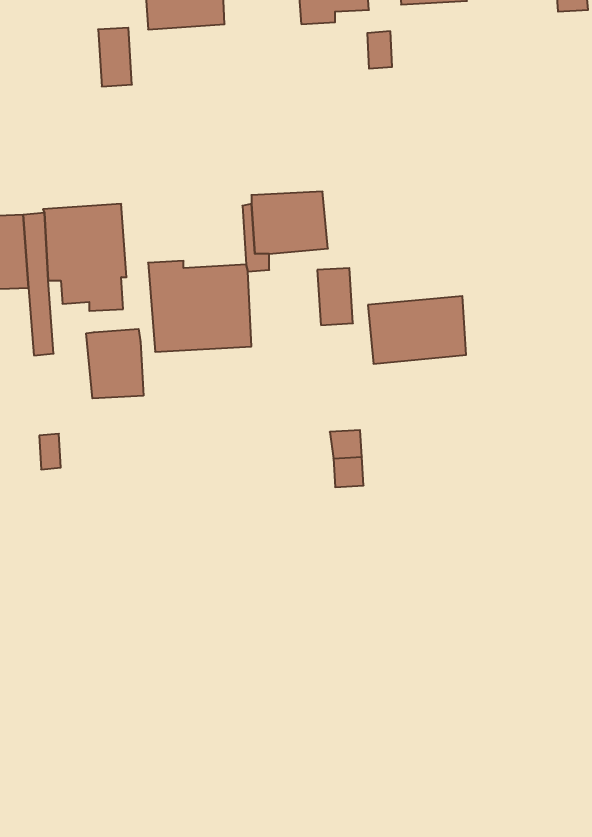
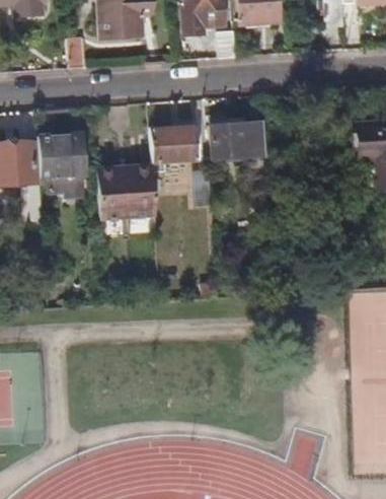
building: [368,296,466,364] -> [211,121,266,159]
building: [86,329,143,398] -> none

